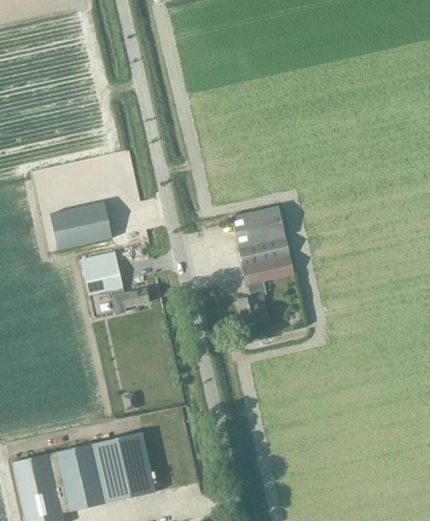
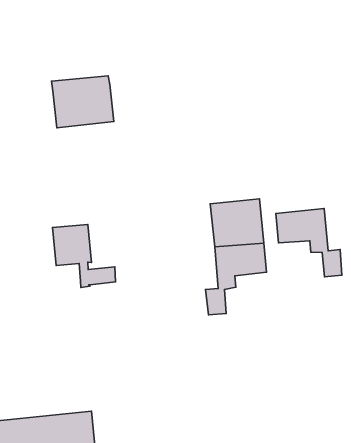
building: [47,195,112,251] -> [51,76,114,128]
building: none -> [276,209,342,277]

